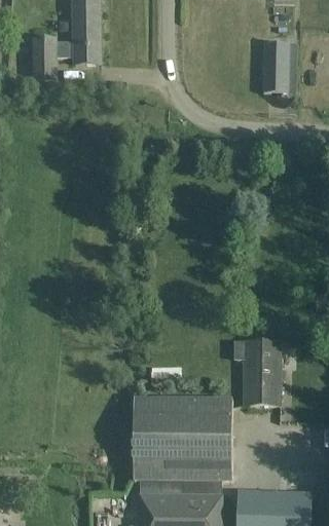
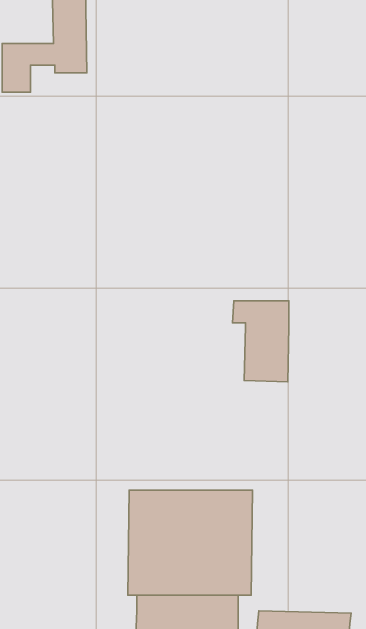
building: [262,42,289,92] -> none
building: [234,341,280,406] -> [233,301,289,382]

